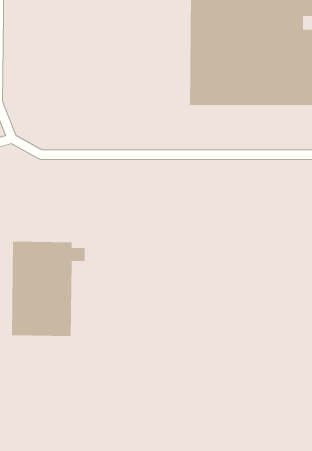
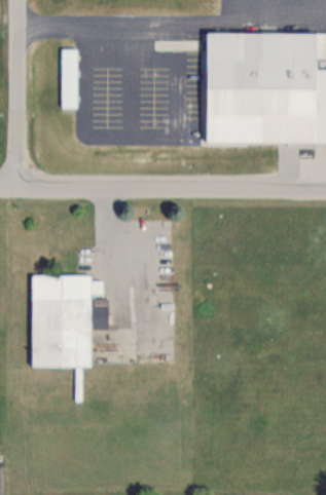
building: none -> [62,49,77,109]

